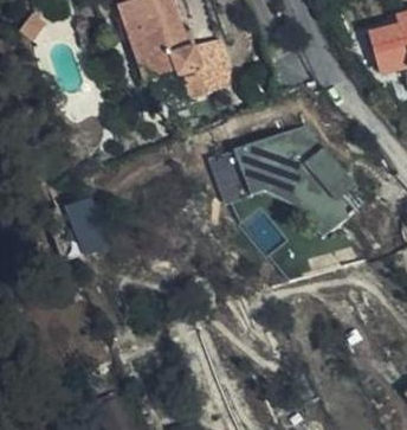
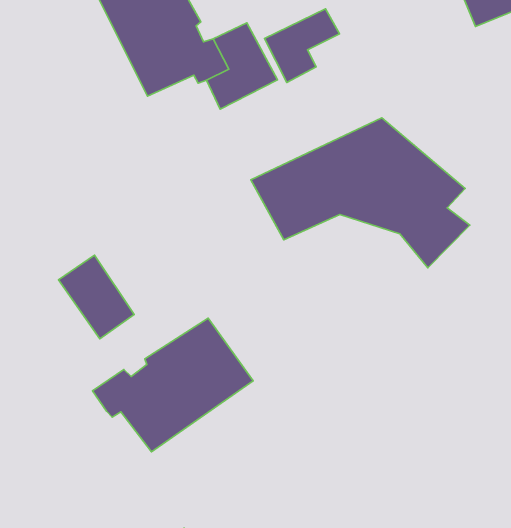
building: none -> [264,9,339,83]
building: none -> [92,318,253,452]

